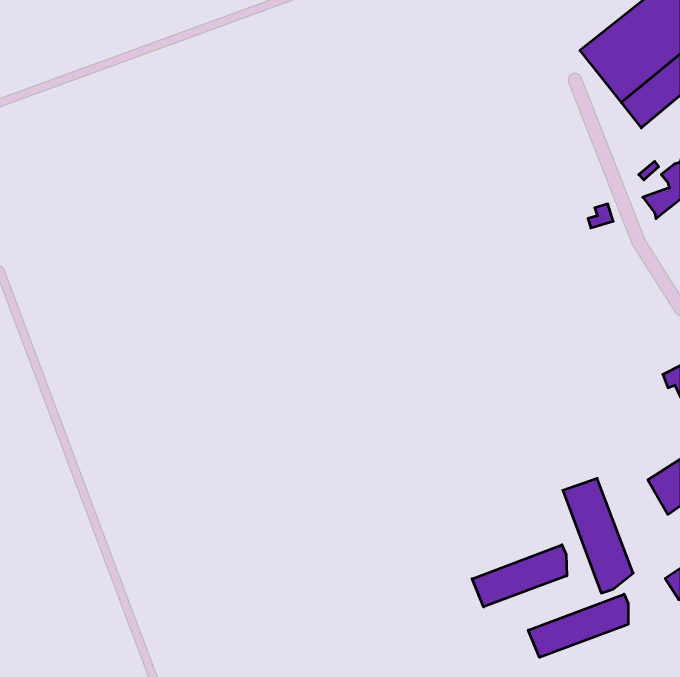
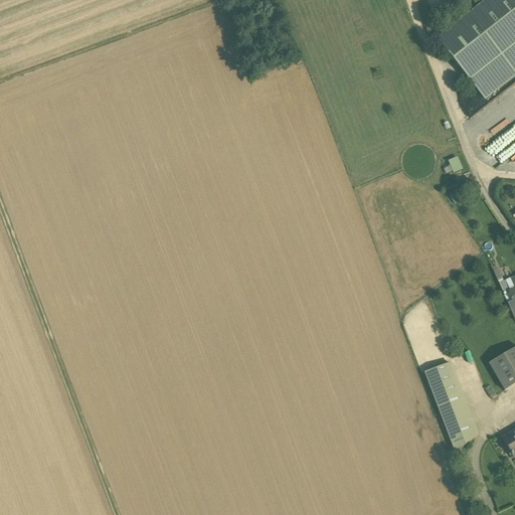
building: [472,545,567,607] -> none
building: [528,594,628,657] -> none

